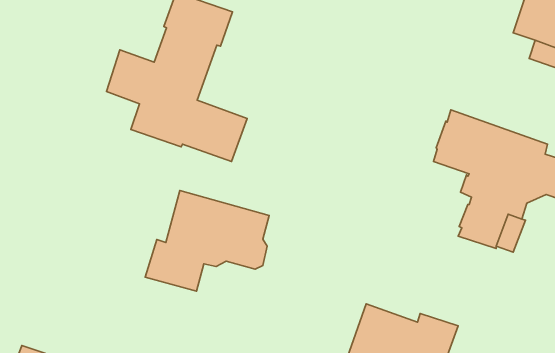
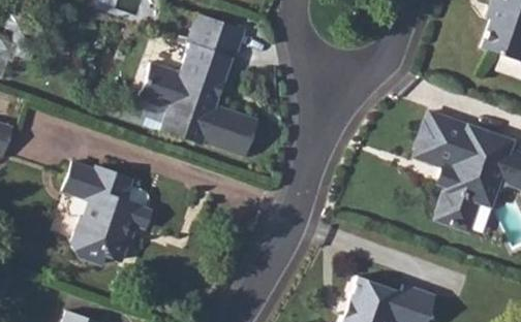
building: none -> [56,165,145,267]
building: [145,191,269,291] -> none

